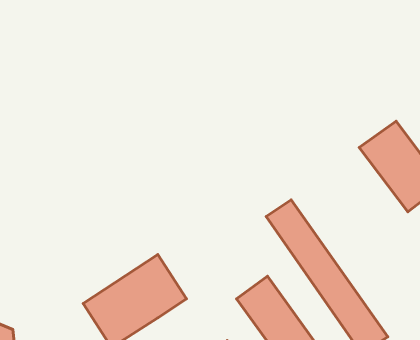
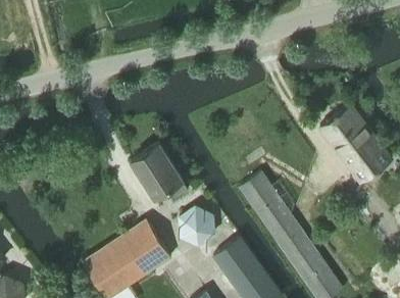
building: none -> [131,143,188,201]
building: none -> [179,206,213,246]

